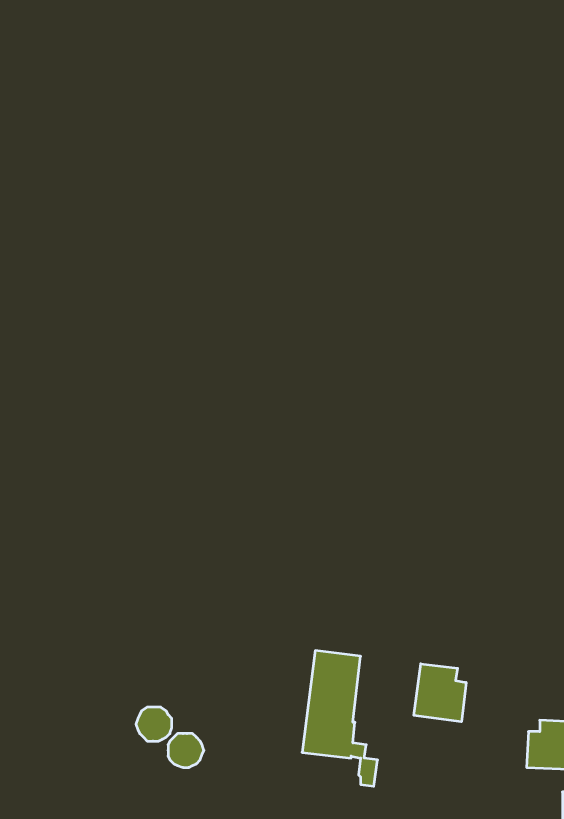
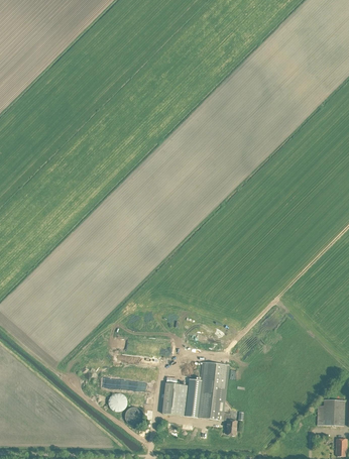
building: [414,664,466,722] -> none
building: none -> [161,382,189,416]

